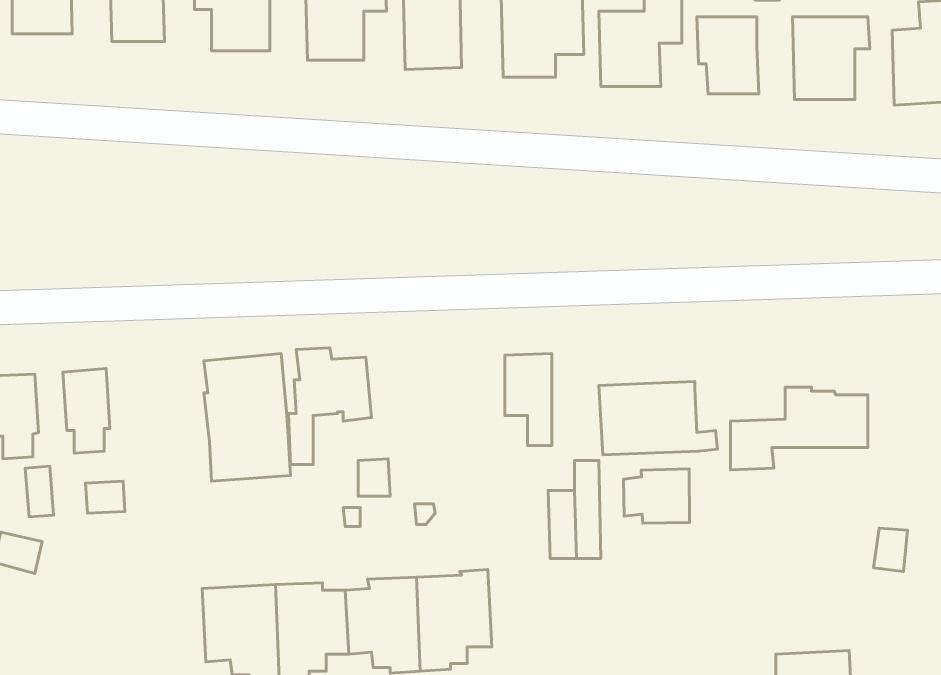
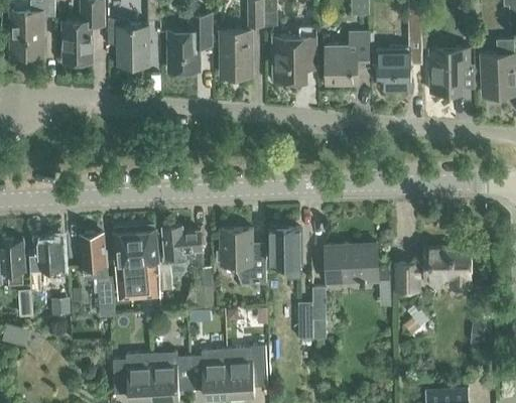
building: none -> [217,229,266,284]
building: none -> [81,234,115,307]
building: [623,469,689,523] -> none

